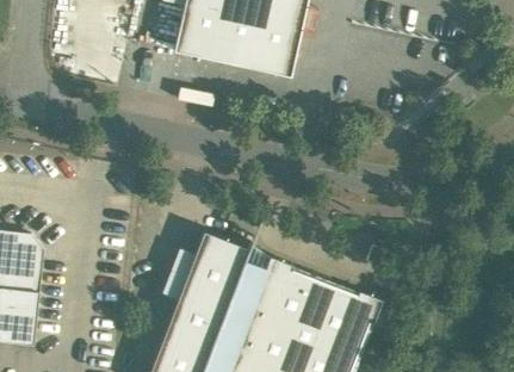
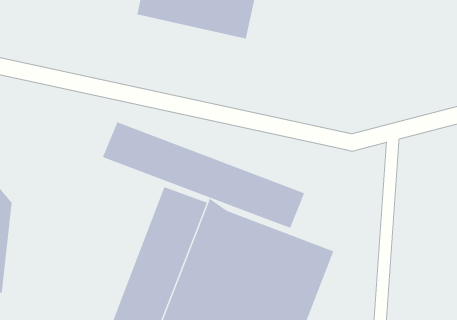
building: none -> [102,122,305,228]

